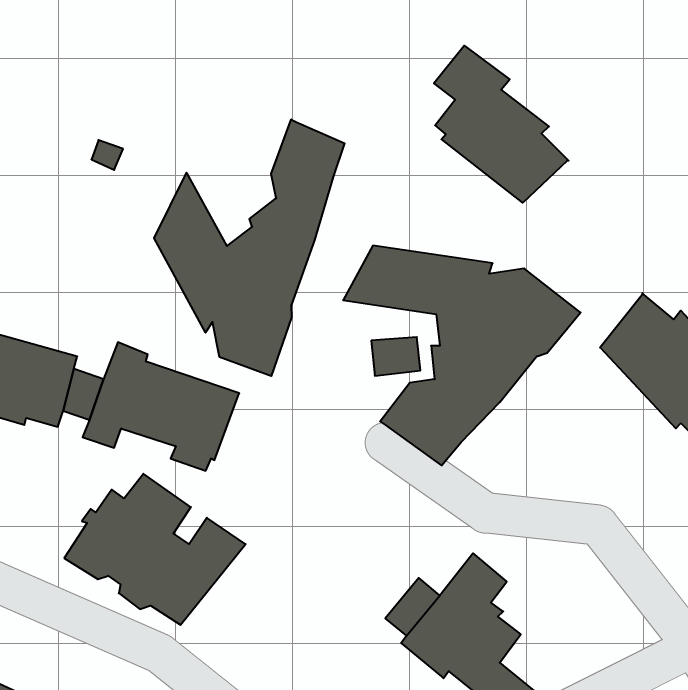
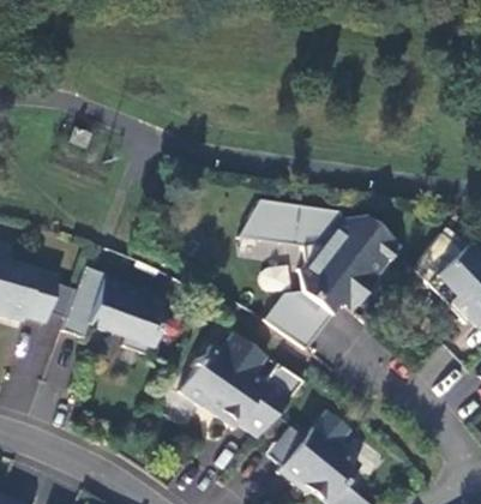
building: [434,46,569,203] -> none
building: [154,119,345,376] -> none
building: [64,474,246,625] -> [181,332,305,436]

